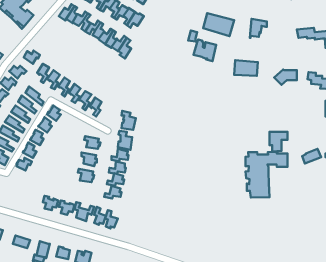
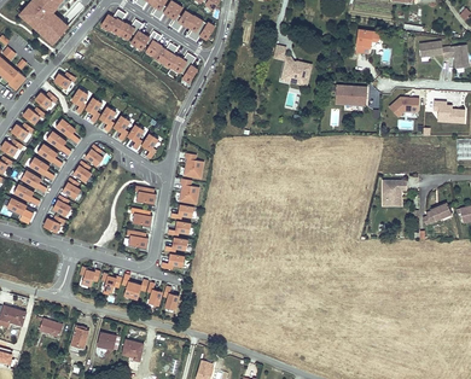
building: [203,13,234,36] -> none
building: [245,152,288,198] -> none

